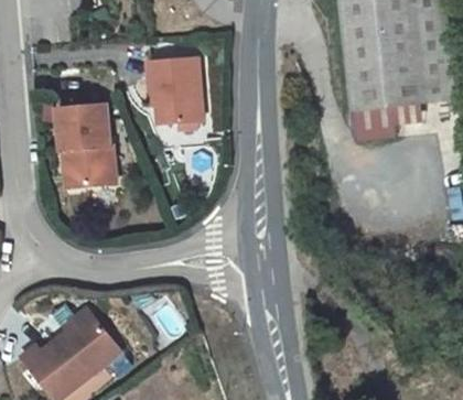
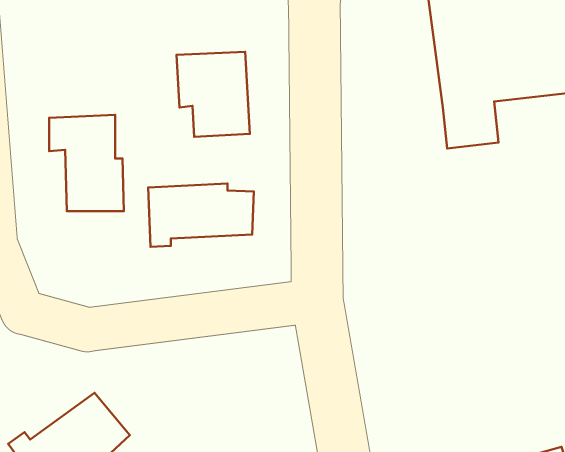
building: none -> [148,183,254,247]

